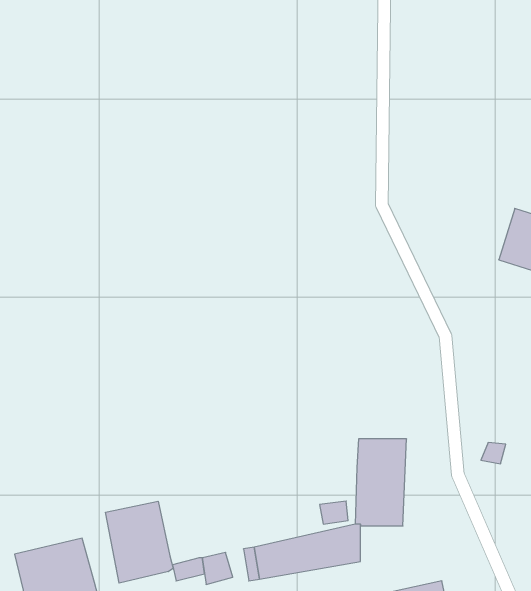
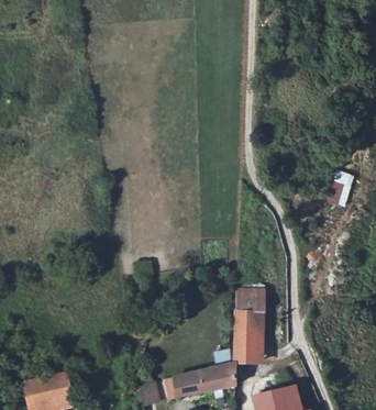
building: none -> [240,284,269,308]
building: [106,501,173,583] -> none

